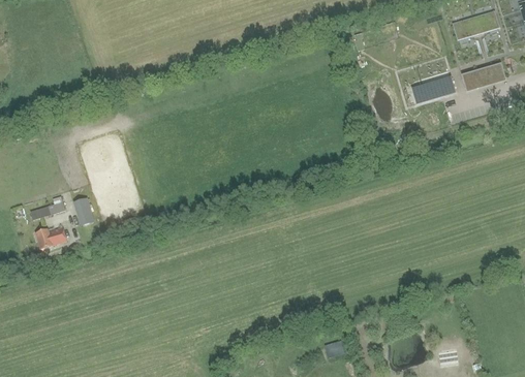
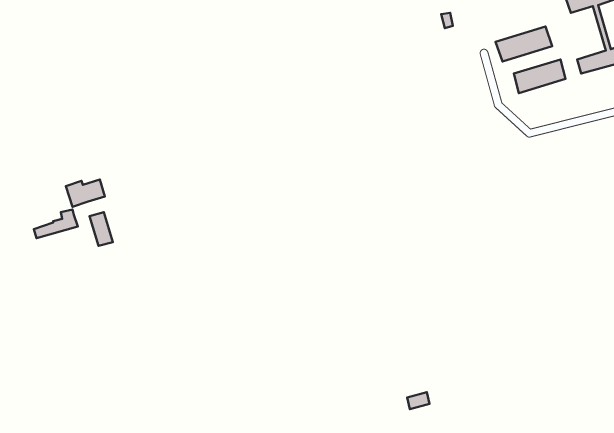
building: none -> [496,27,552,61]
building: [35,227,66,249] -> [66,180,105,207]

